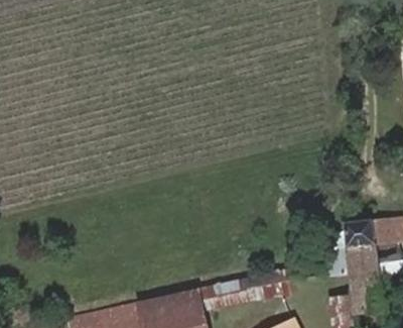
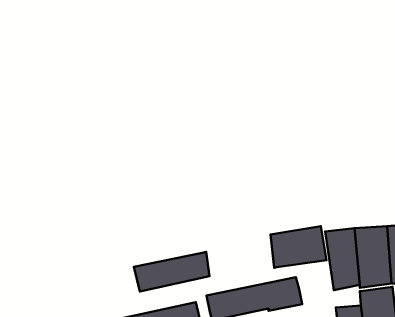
building: none -> [271,226,327,268]
building: none -> [134,252,209,291]

